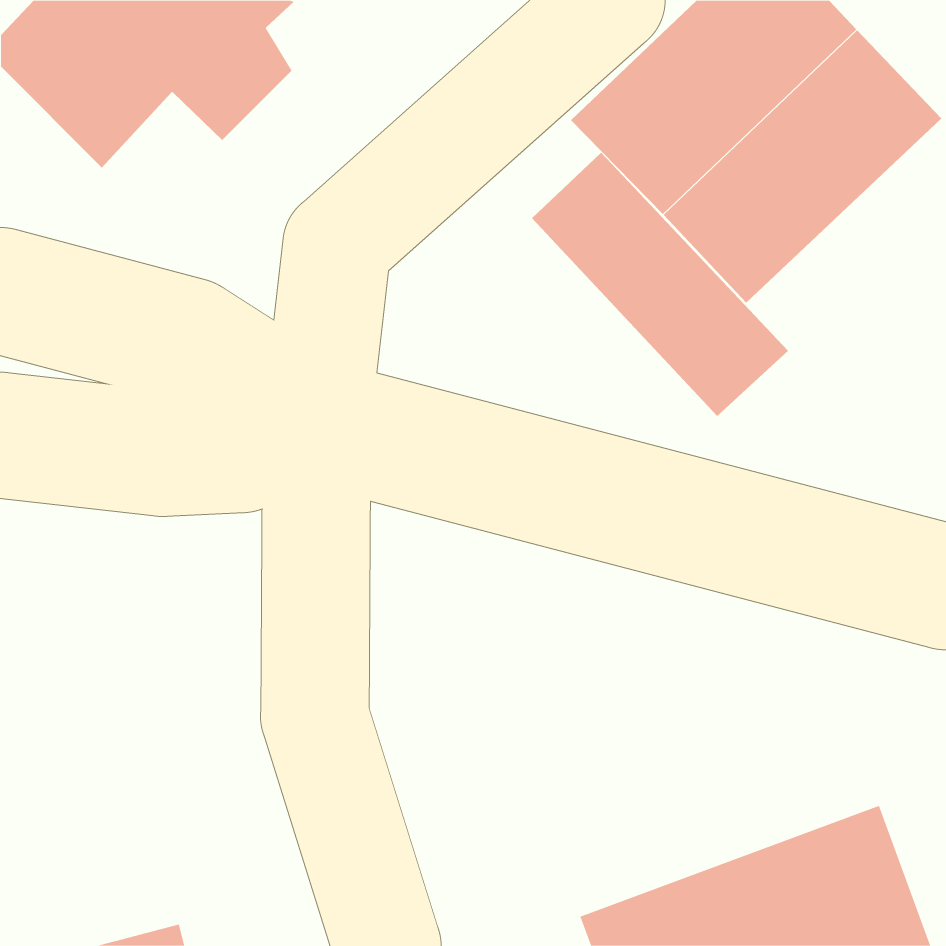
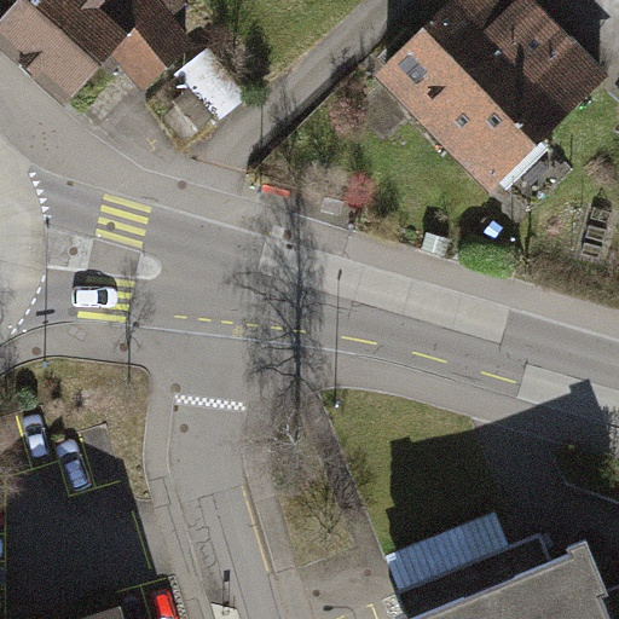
building: [531,152,789,417] -> none

